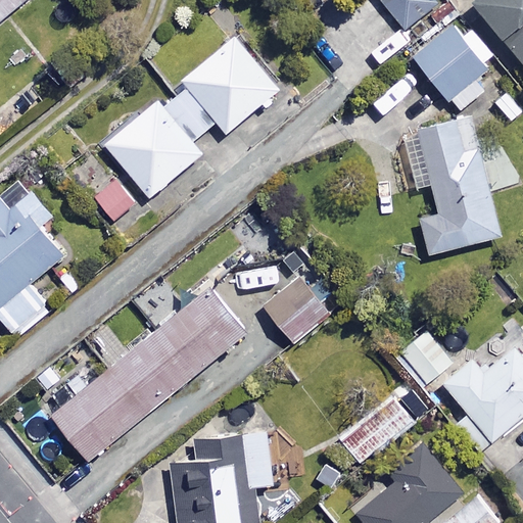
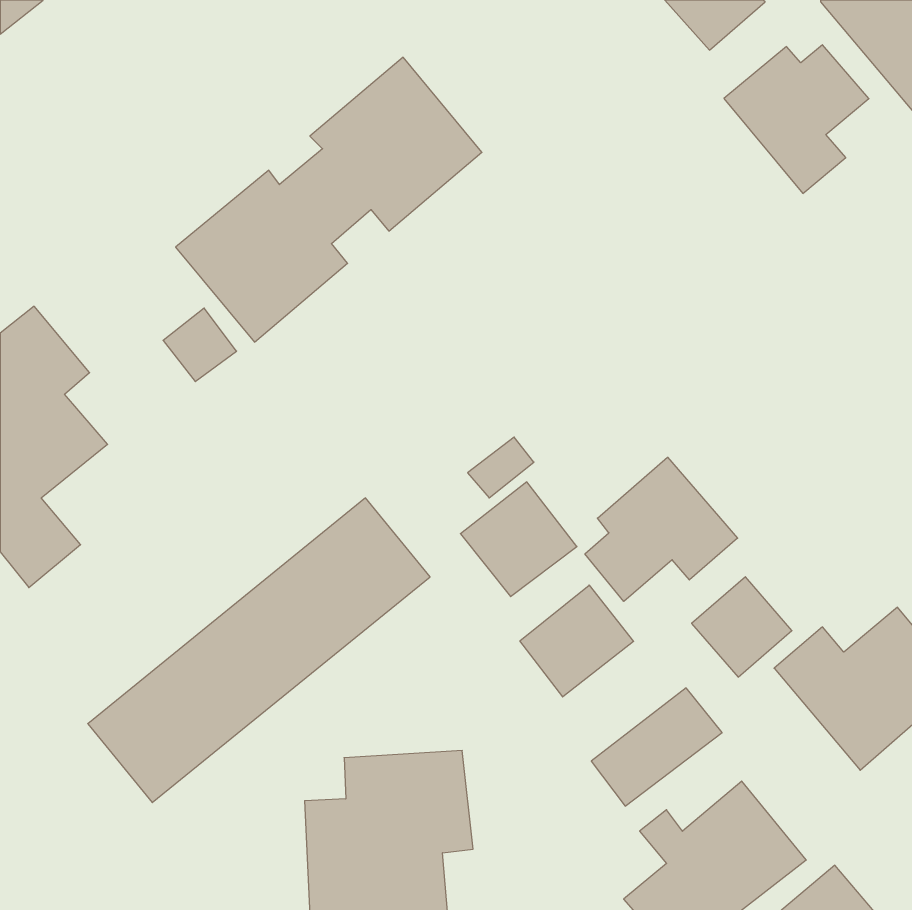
building: [402,116,500,255] -> none
building: none -> [585,457,738,601]
building: none -> [520,585,634,697]

